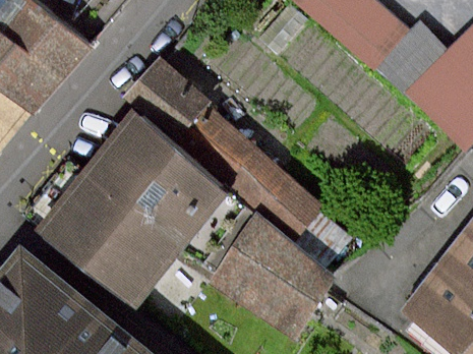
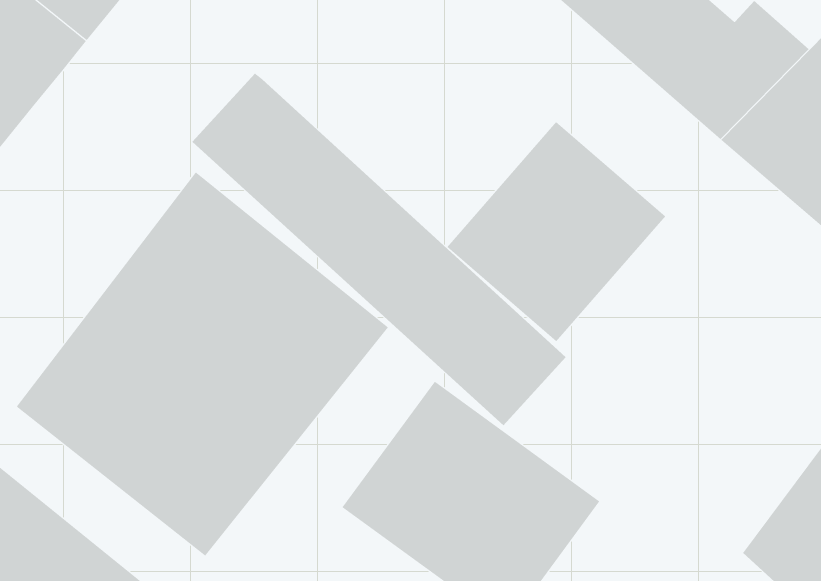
building: none -> [446,121,666,342]

